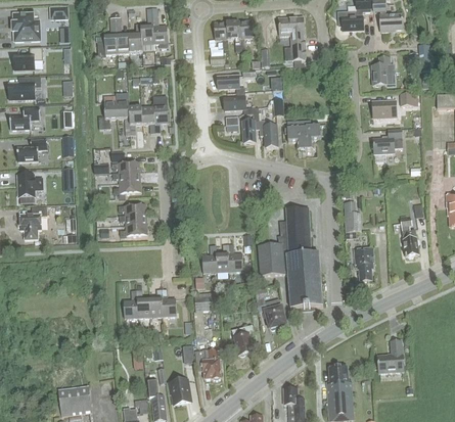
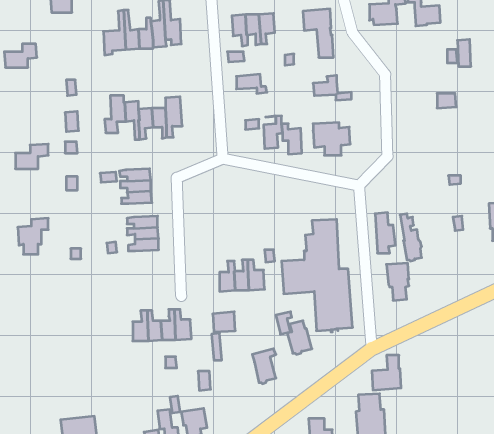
building: [11,12,38,40] -> none
building: [370,55,390,84] -> none
building: [8,76,40,98] -> none
building: [223,91,258,113] -> [313,75,351,100]
building: [371,99,396,118] -> none
building: [9,106,39,129] -> none
building: [372,128,401,153] -> none
building: [16,174,41,196] -> none
building: [399,214,418,256] -> [400,214,422,261]
building: [376,340,403,372] -> [372,355,401,390]
building: [200,347,222,378] -> none

